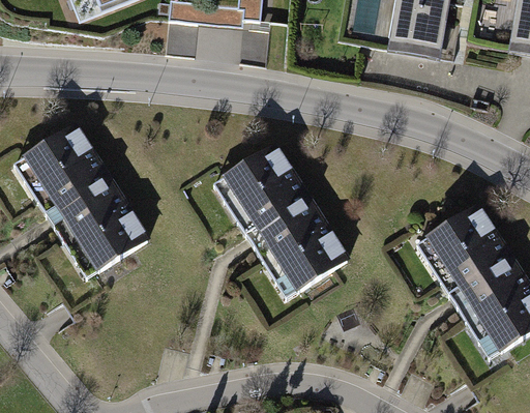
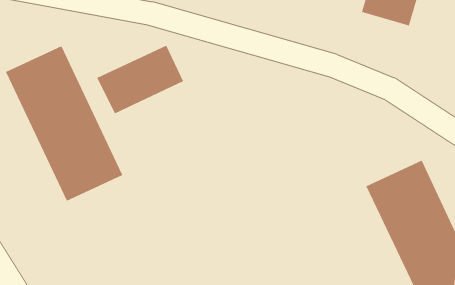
building: none -> [96,45,184,114]
building: [211,143,352,309] -> none

